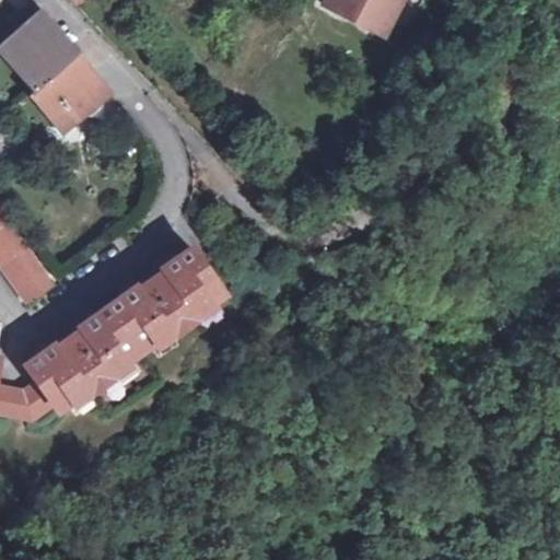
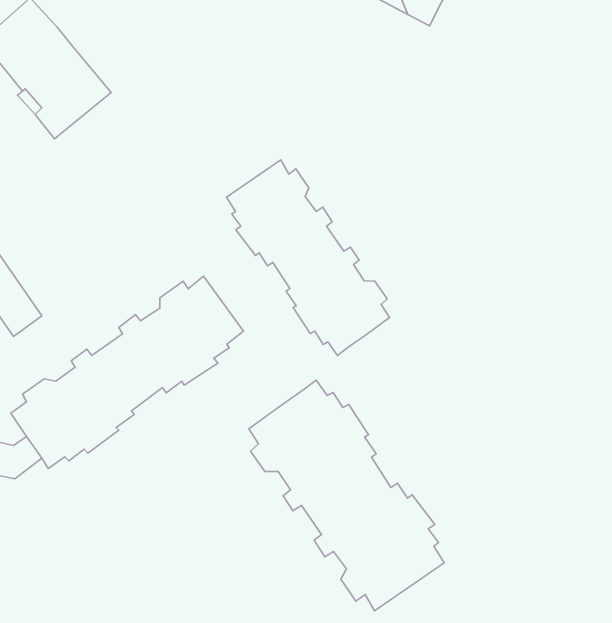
building: none -> [226,160,390,355]
building: none -> [249,380,444,611]

